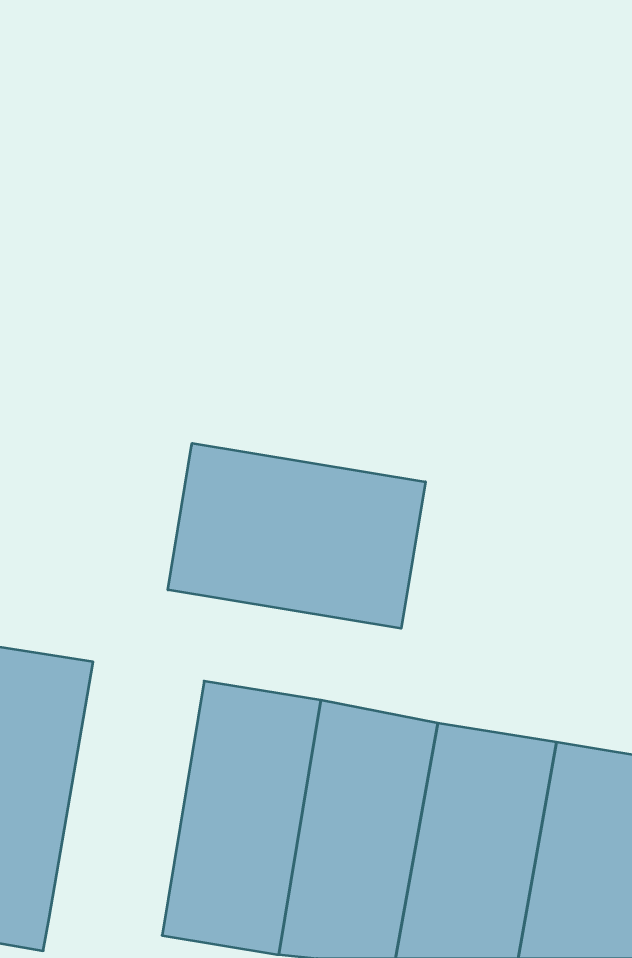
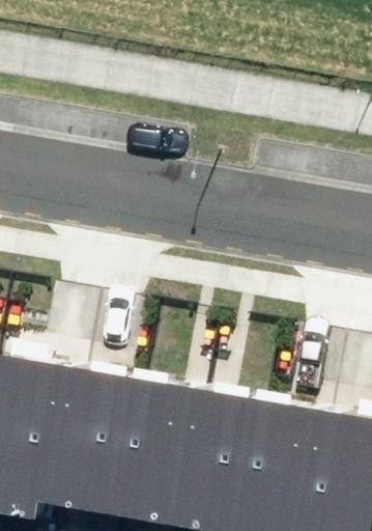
building: [168,443,425,628] -> none
building: none -> [47,367,131,515]

